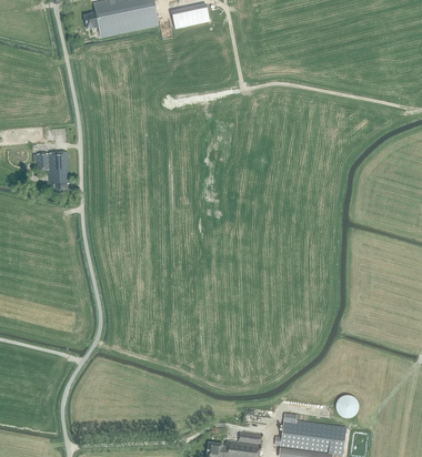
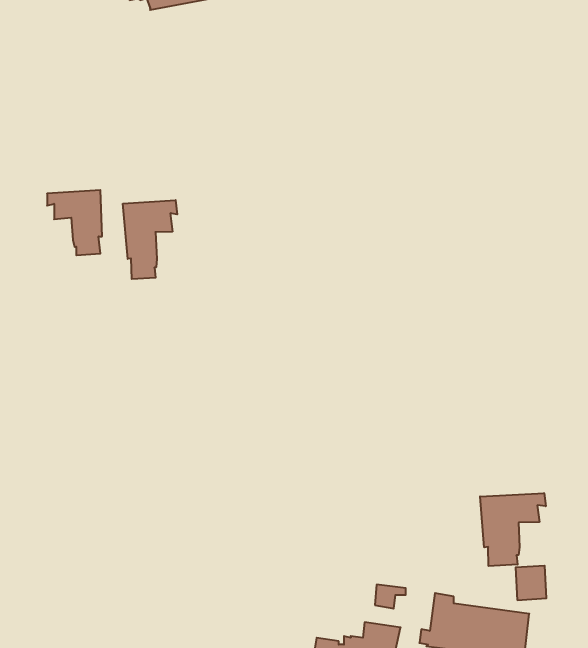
building: none -> [123,200,177,279]
building: none -> [480,493,546,566]

